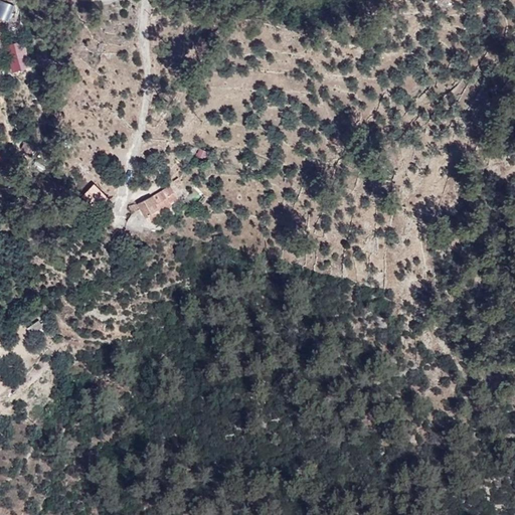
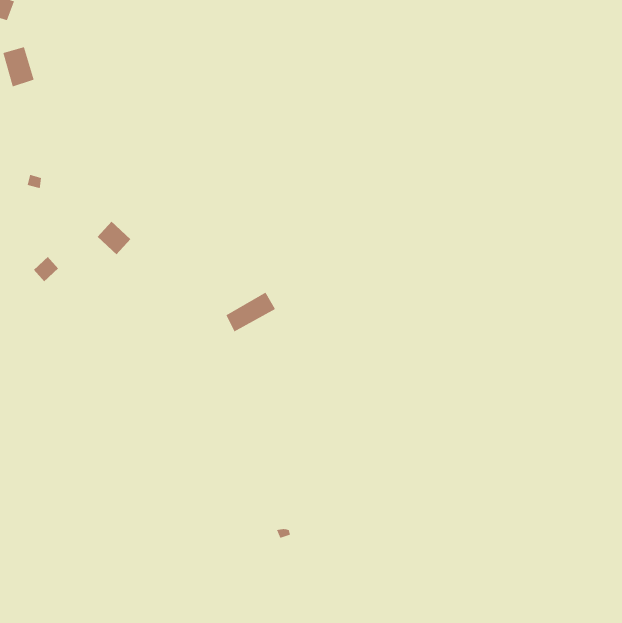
building: [136,186,177,219] -> [225,292,276,332]

